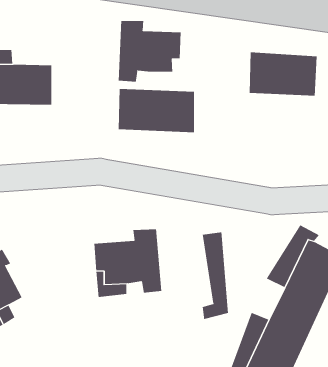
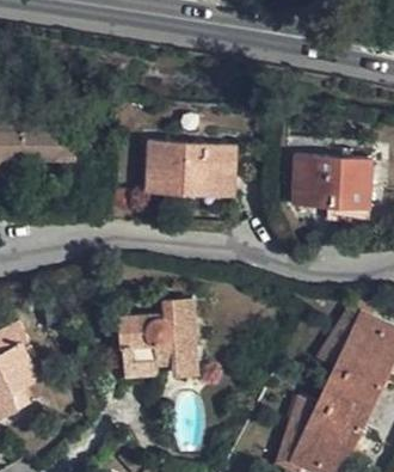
building: [118,20,181,82] -> none
building: [249,52,318,96] -> [294,158,371,208]
building: [202,232,229,320] -> none

